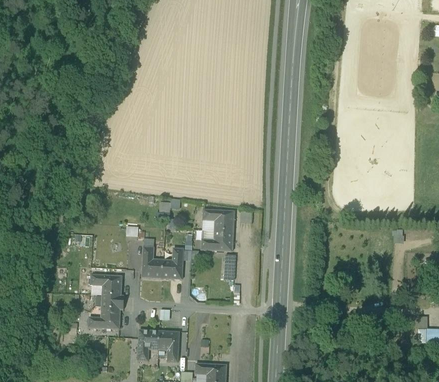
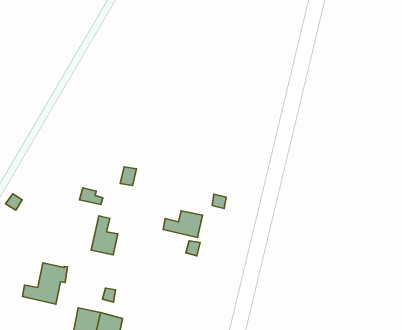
building: [202,210,234,232] -> none
building: [161,249,183,280] -> none
building: [90,275,121,297] -> none

